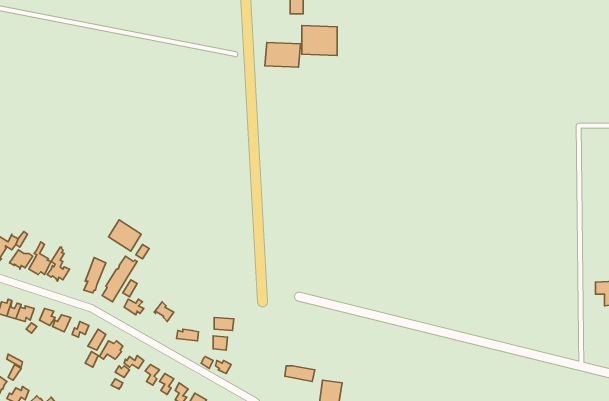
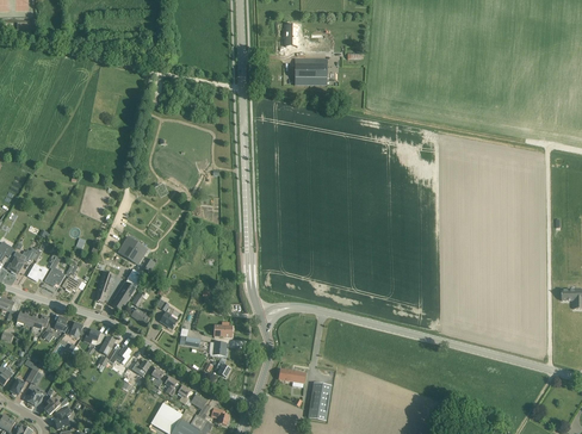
building: [265,42,301,67] -> none

